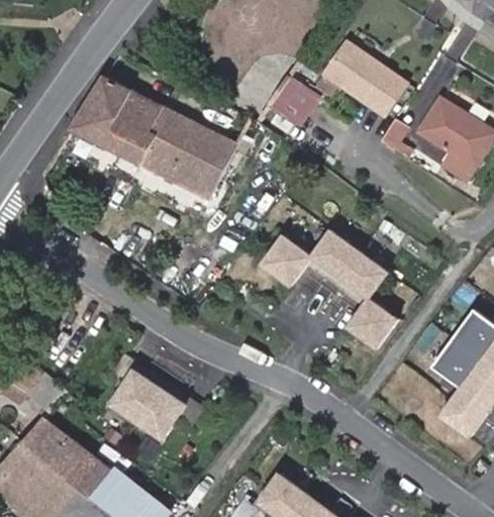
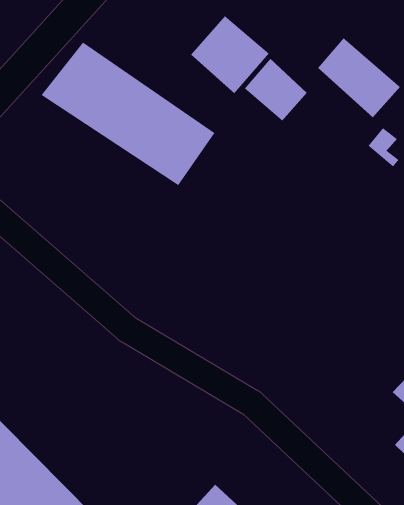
building: none -> [190,15,270,94]
building: [260,231,395,348] -> none
building: [110,369,186,438] -> none

